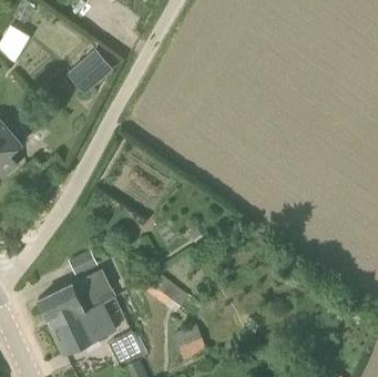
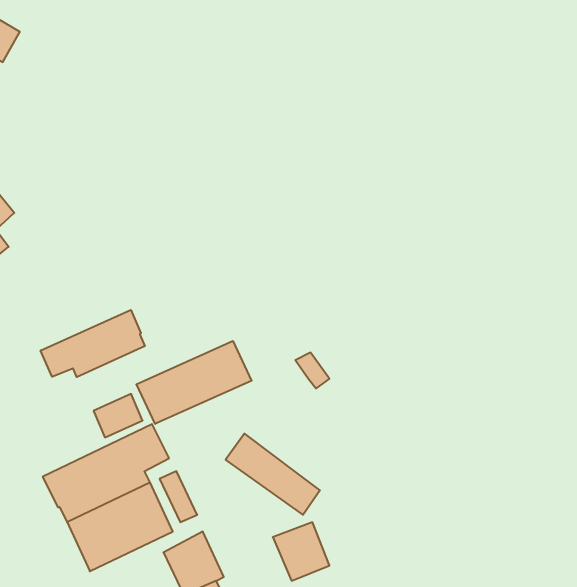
building: [73,53,110,90] -> none
building: none -> [41,310,145,377]
building: none -> [136,341,252,424]

